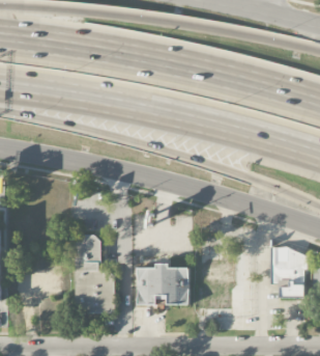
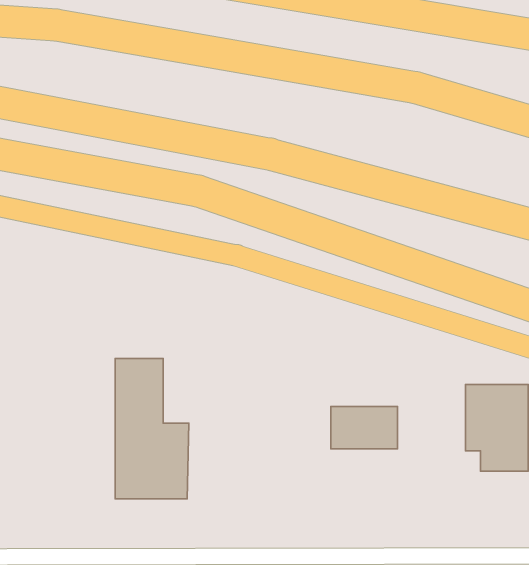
building: [136,264,188,304] -> none
building: [14,271,60,296] -> none

